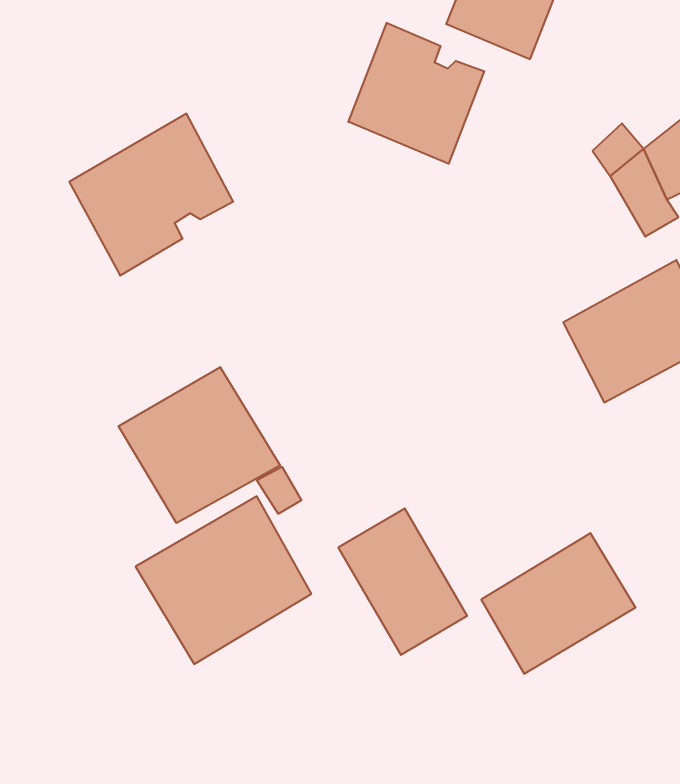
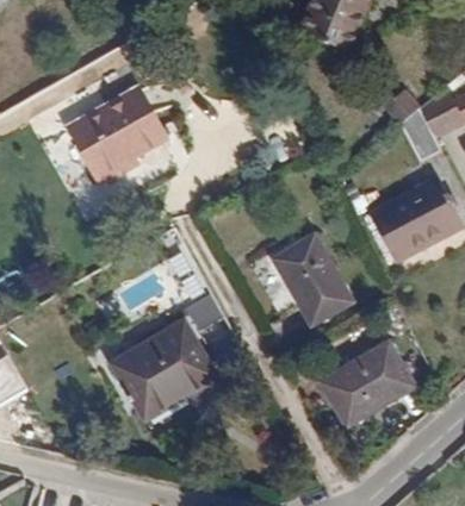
building: [348,23,484,164] -> none
building: [119,367,280,523] -> none
building: [338,508,467,655] -> [273,236,352,325]

